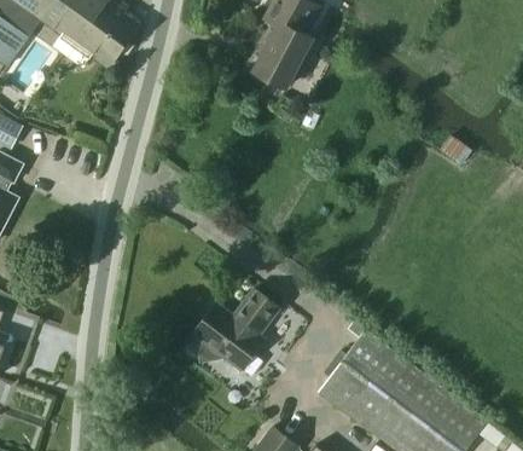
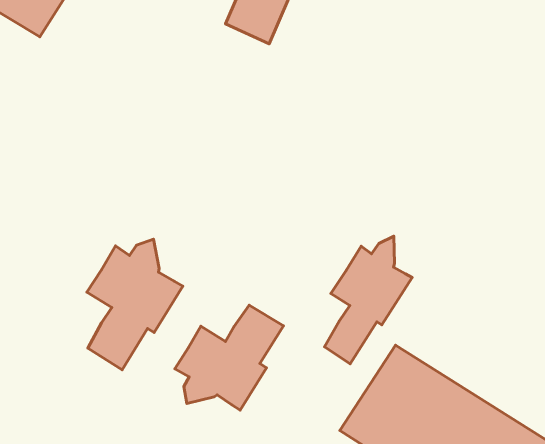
building: none -> [87,239,183,370]
building: none -> [324,236,412,364]

